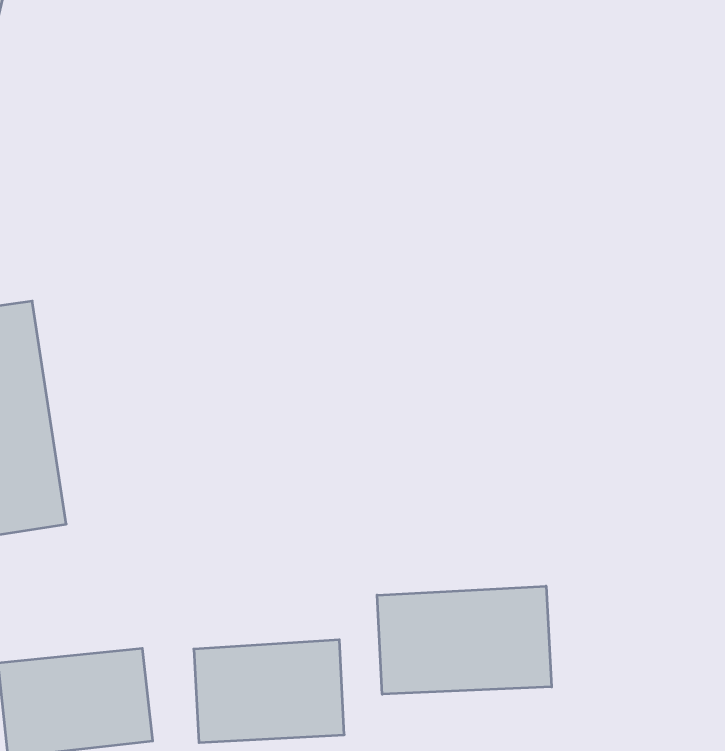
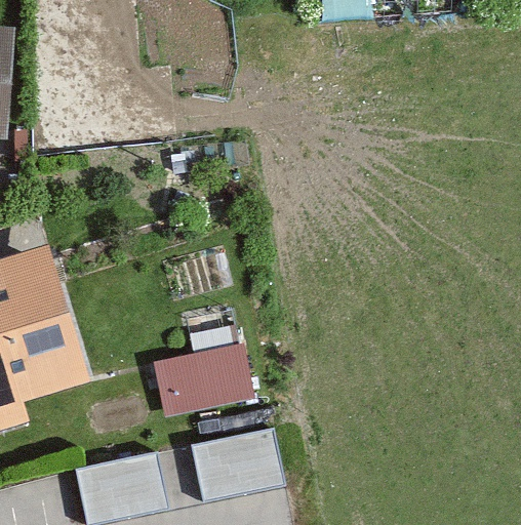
building: none -> [146,341,252,419]
building: [377,586,552,694] -> none

